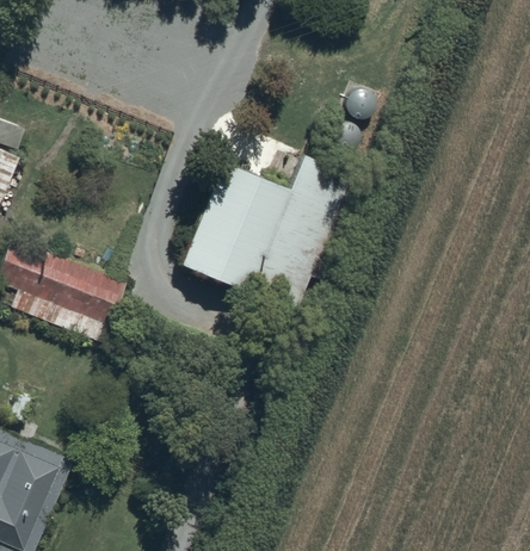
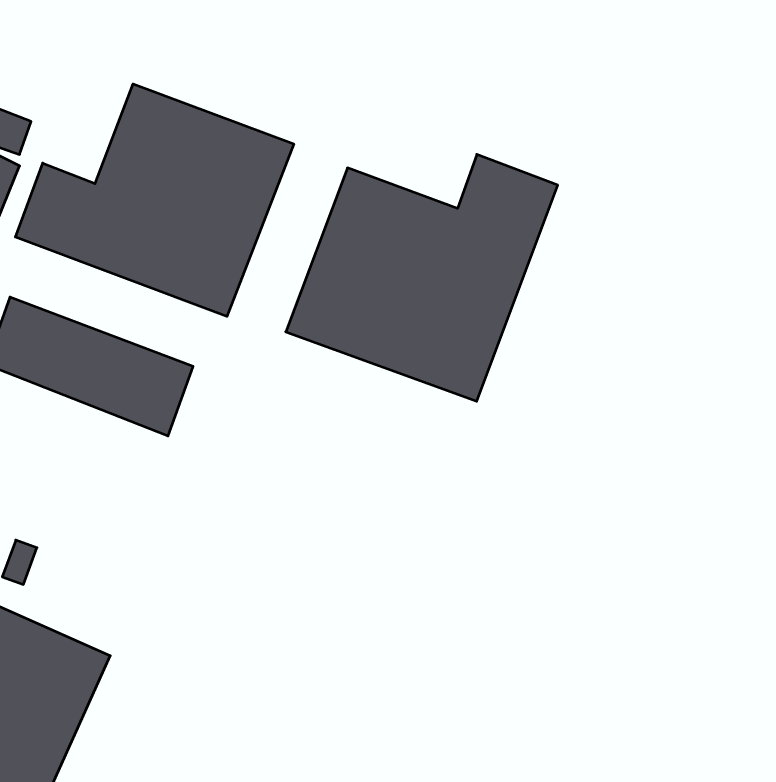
building: none -> [15,84,294,316]

